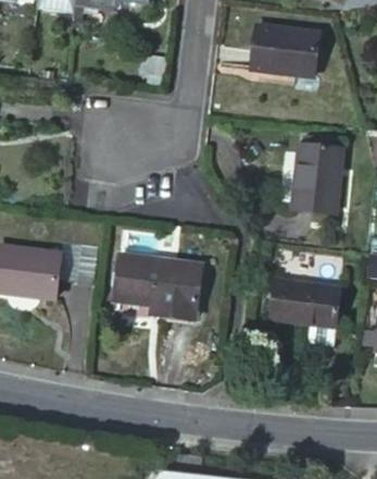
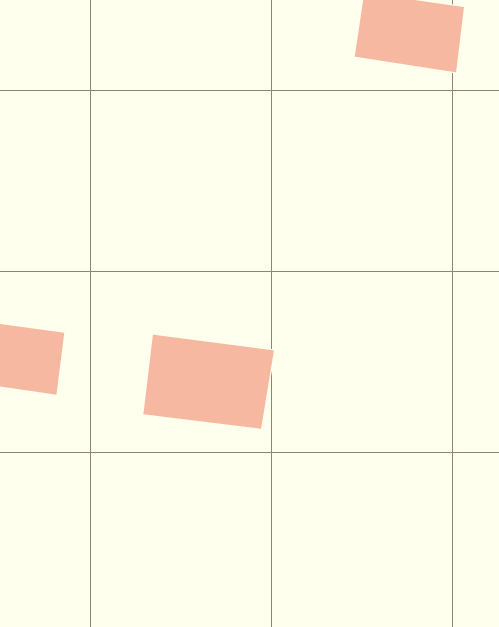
building: [291,140,344,211] -> none
building: [269,278,337,322] -> none

